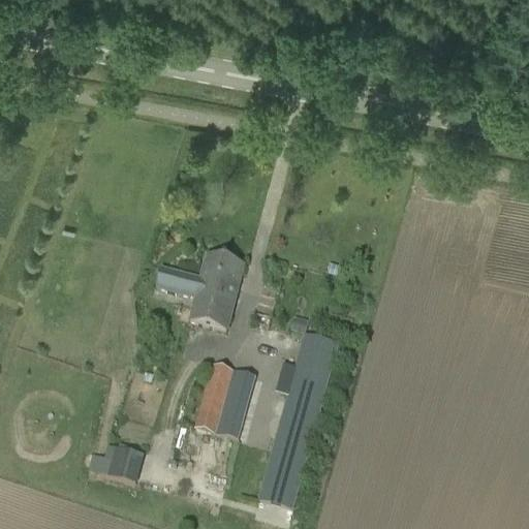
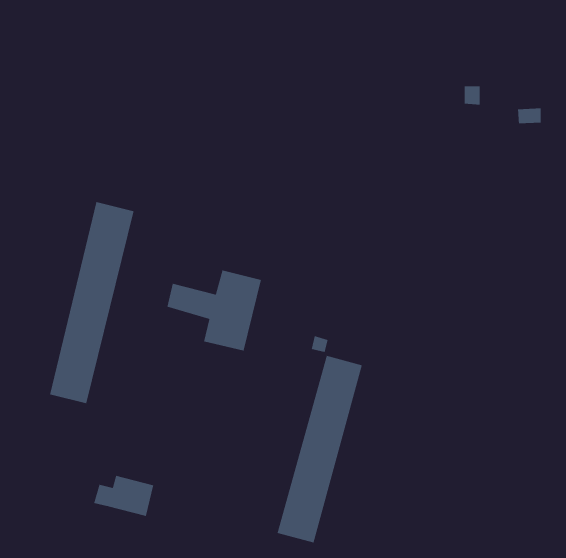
building: none -> [49,201,135,404]
building: [195,361,255,438] -> none

